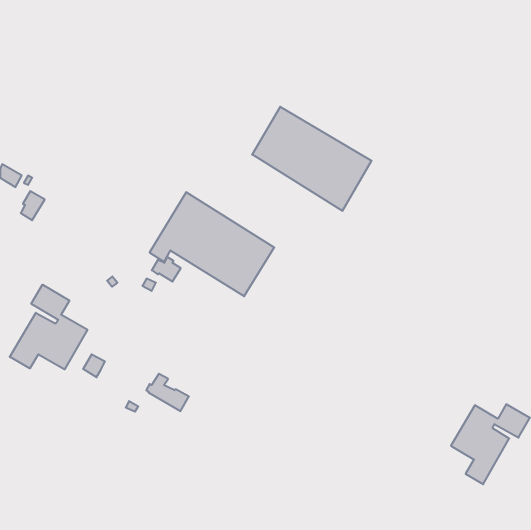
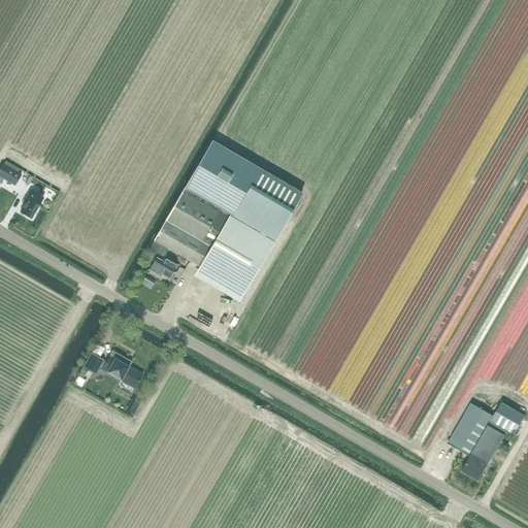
building: [252,107,372,211] -> [183,142,301,245]
building: [10,285,87,369] -> none
building: [146,374,189,411] -> [100,351,142,388]

